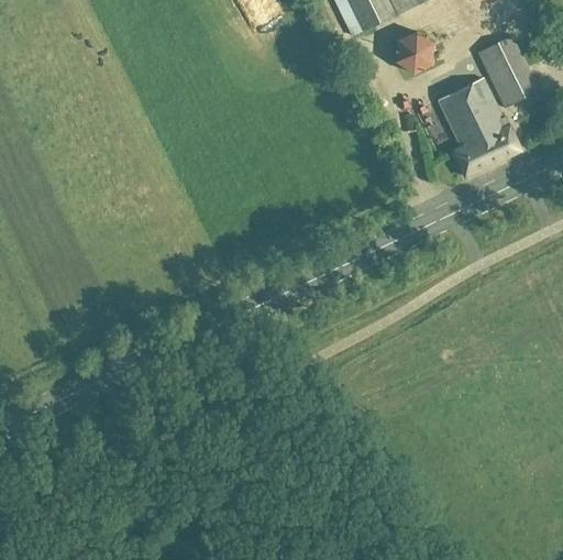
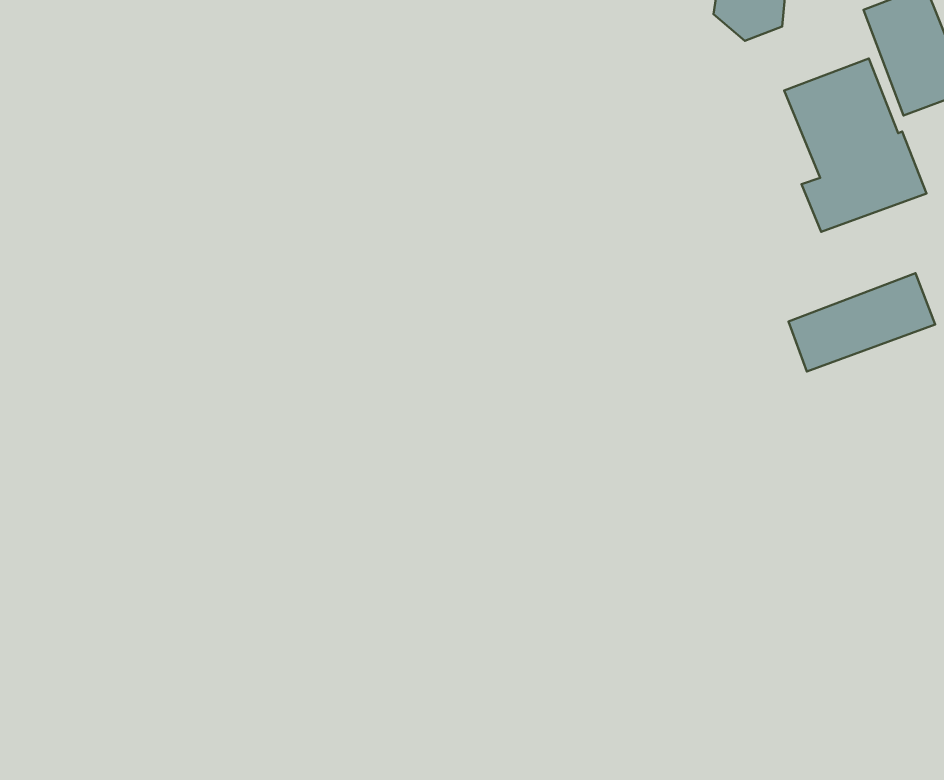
building: none -> [789,273,935,372]

